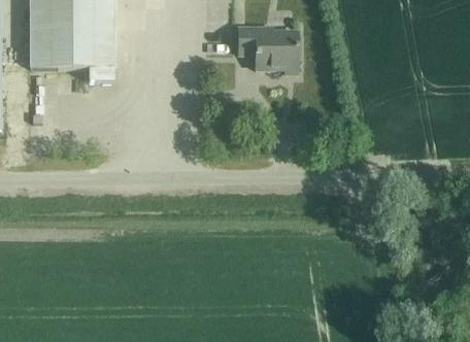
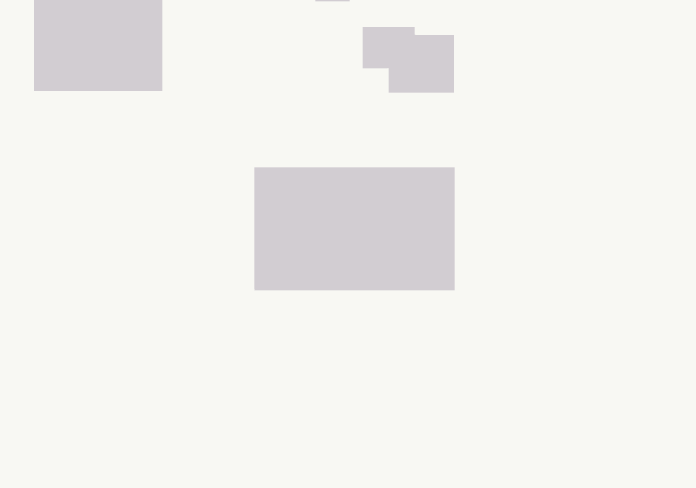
building: none -> [254,167,455,291]

